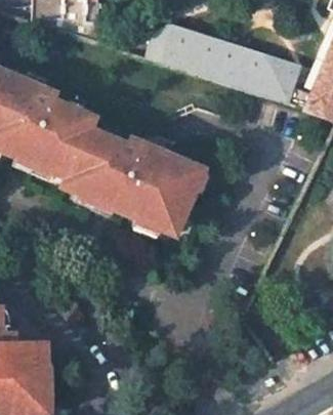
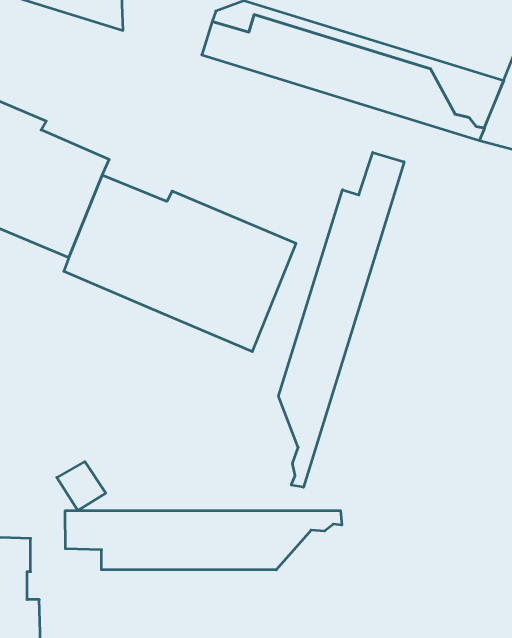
building: none -> [279,152,404,487]
building: none -> [65,511,342,570]

